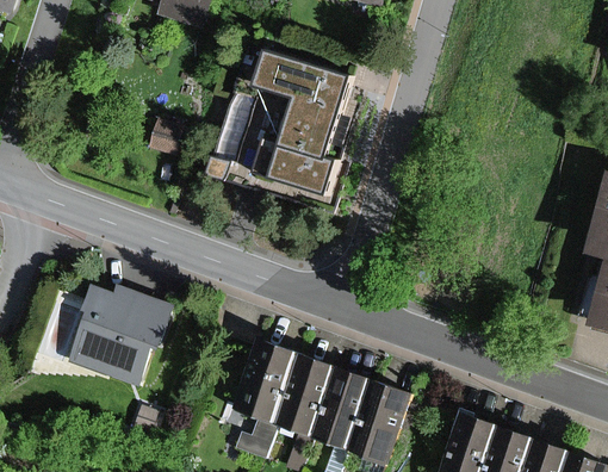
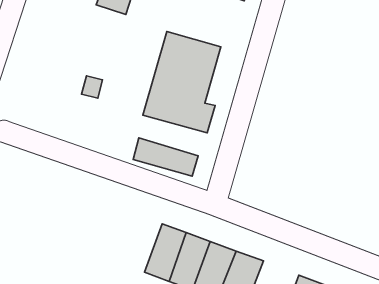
building: none -> [133,138,198,176]
building: [67,292,167,378] -> none

